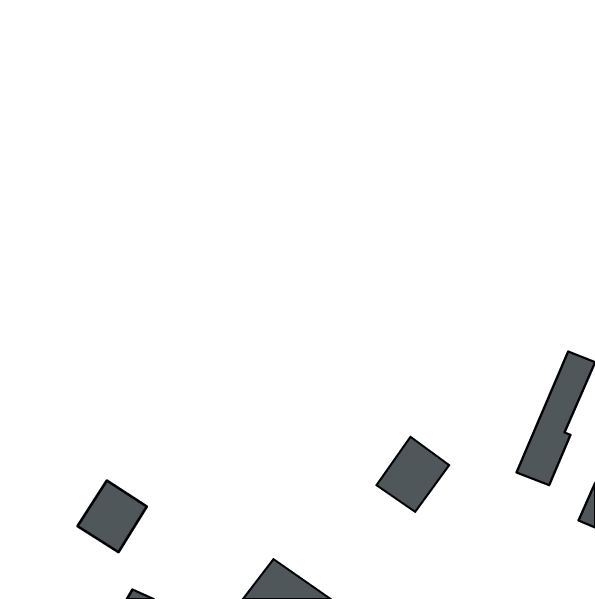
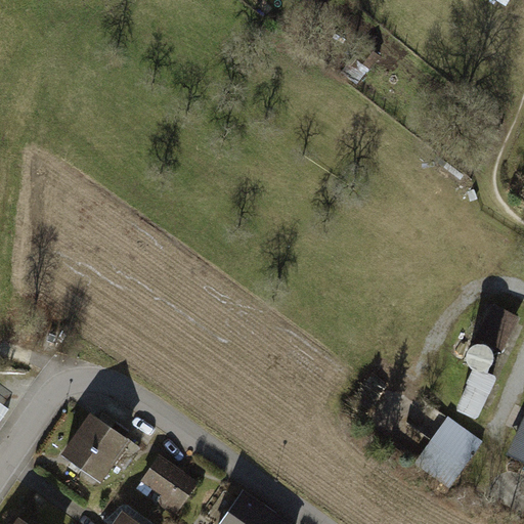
building: [376,437,449,512] -> [419,417,482,482]
building: none -> [143,458,195,507]

